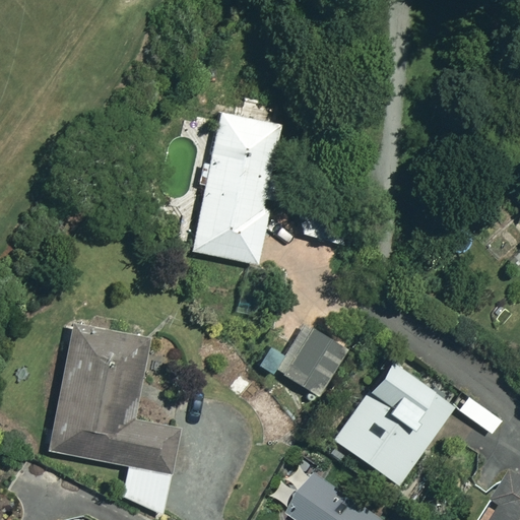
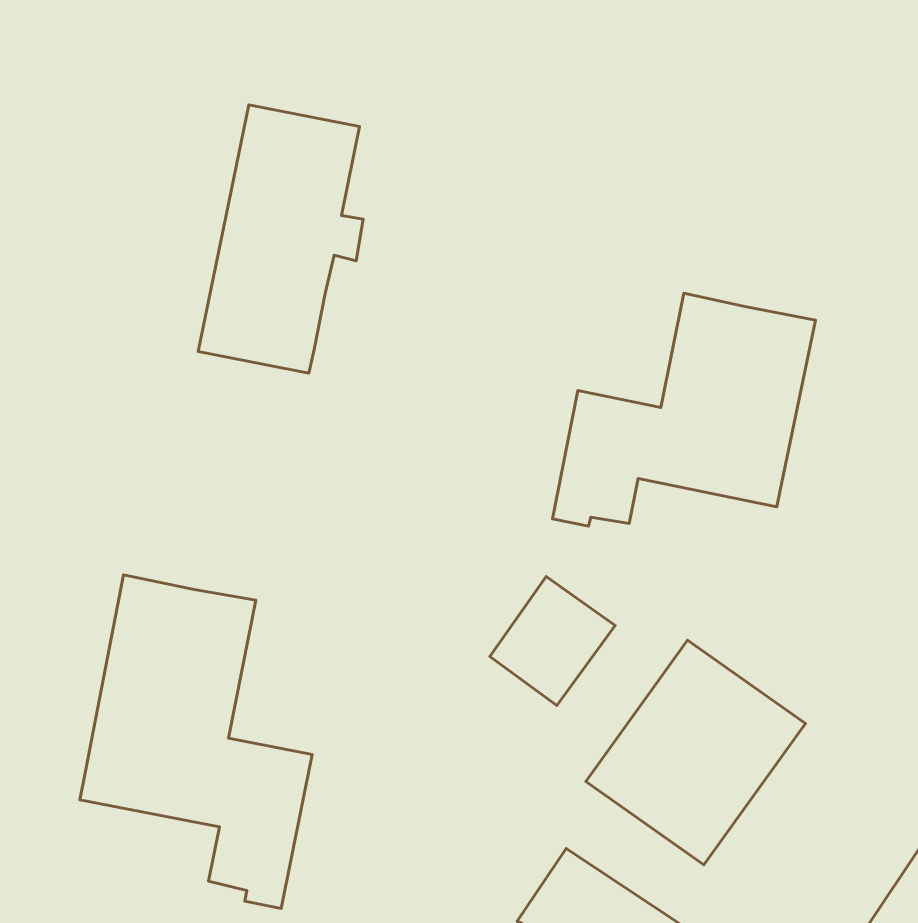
building: [192,113,284,263] -> [198,105,363,373]
building: none -> [553,293,815,526]

